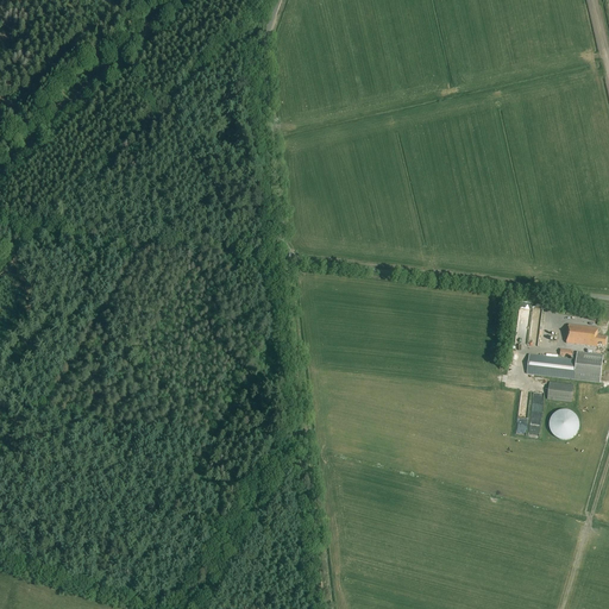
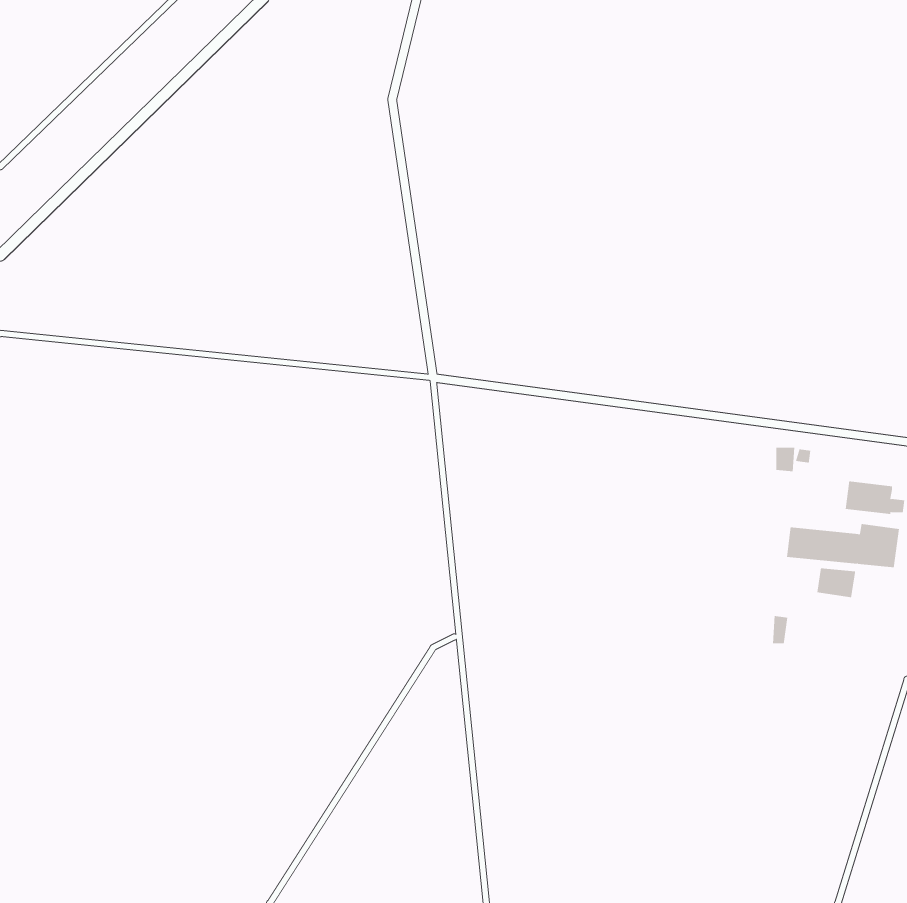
building: [550,408,579,438] -> none

